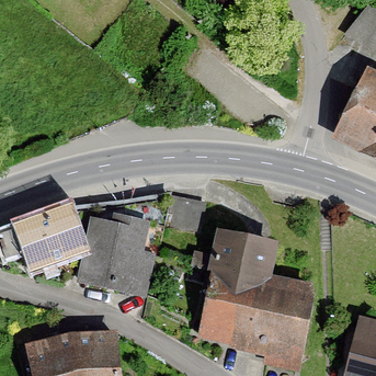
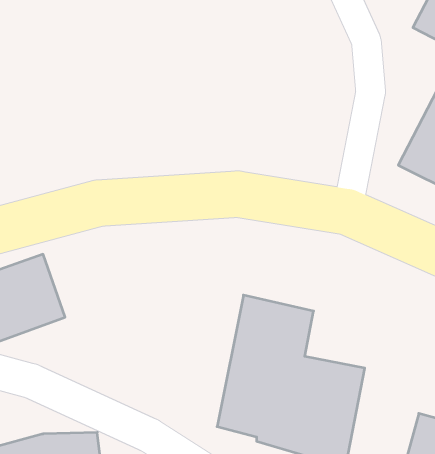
building: [82,215,152,293] -> none

